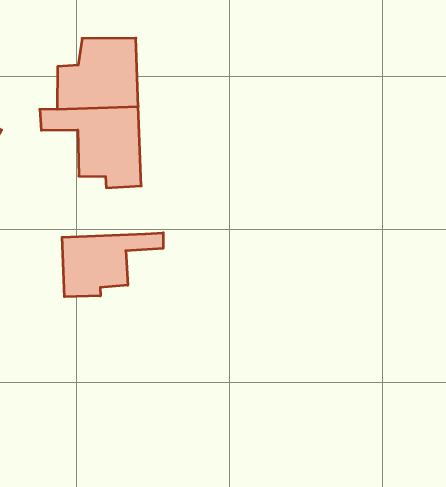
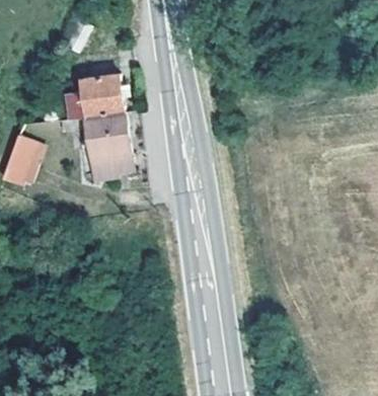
building: [62,233,163,297] -> none

